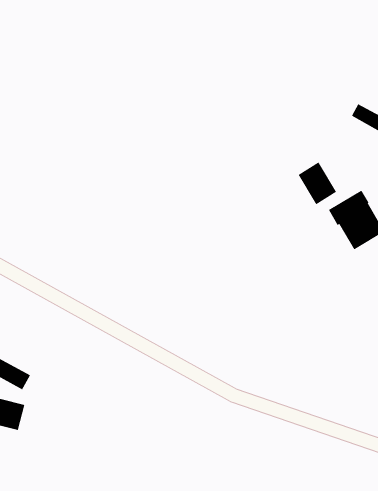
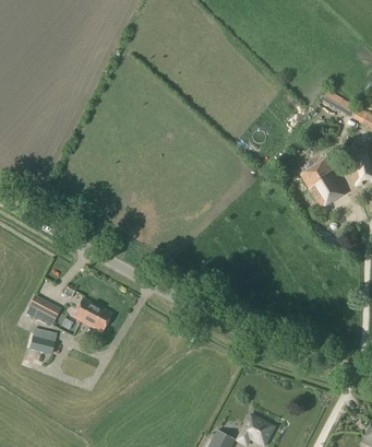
building: [298,161,337,205] -> none
building: none -> [72,298,110,332]

